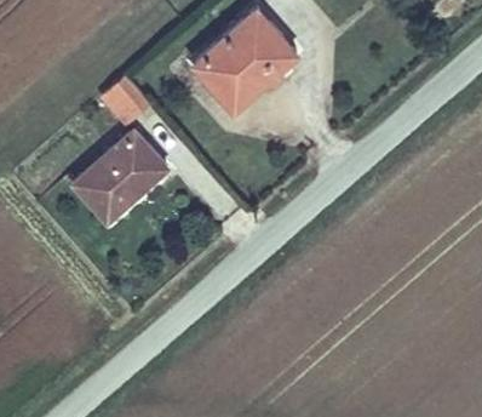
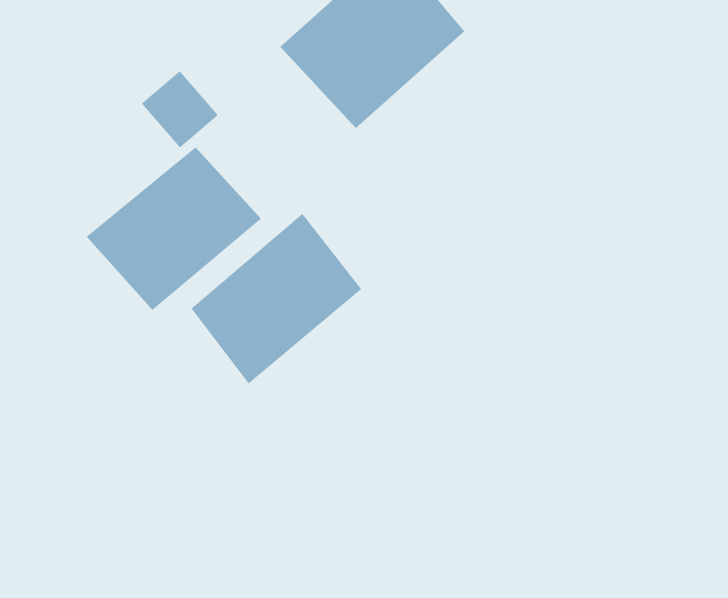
building: none -> [191,213,362,385]

